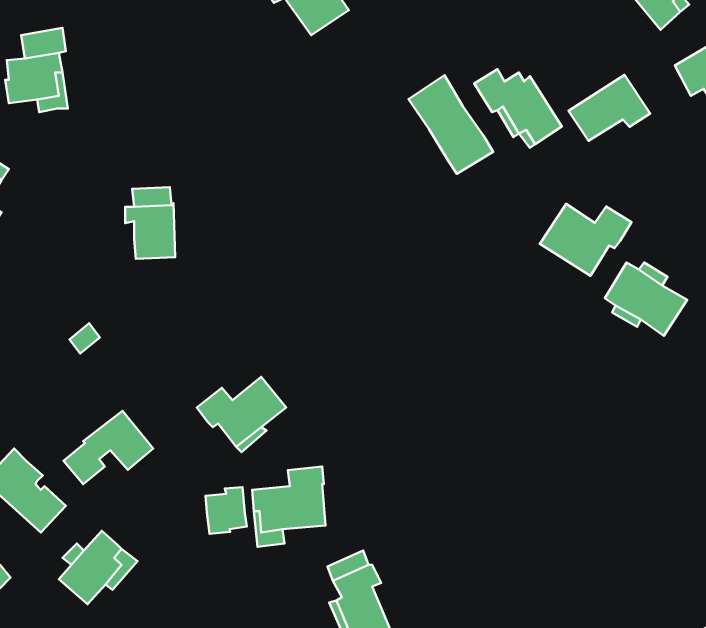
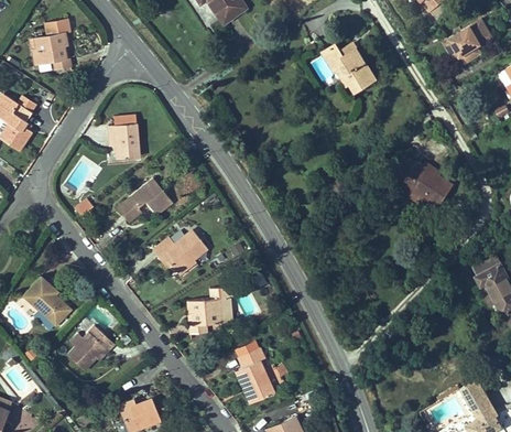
building: [569,75,650,141] -> none
building: [409,75,493,174] -> none
building: [540,204,631,276] -> none
building: [64,411,153,484] -> [115,180,170,225]
building: [205,487,247,534] -> none

